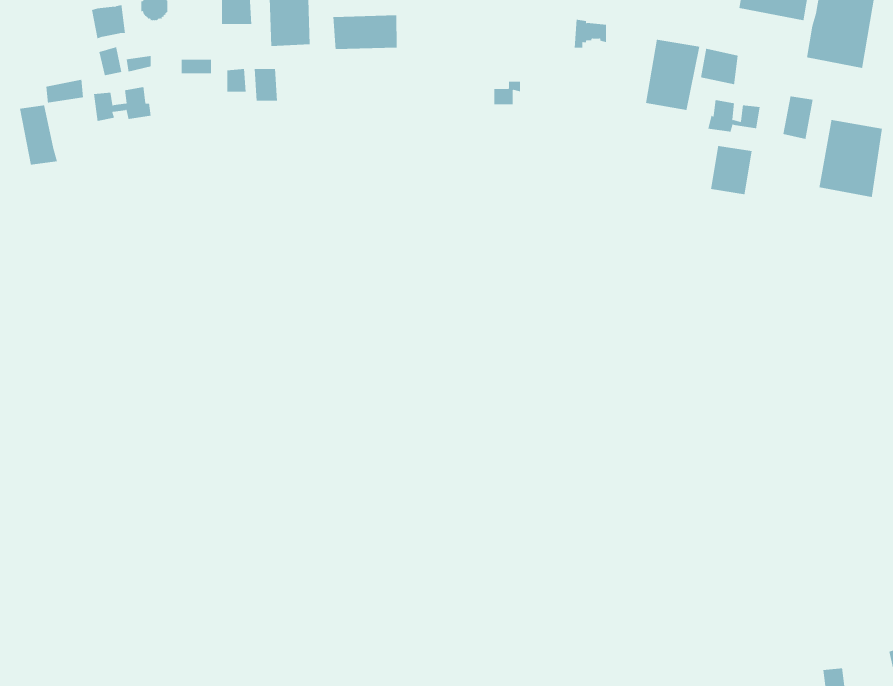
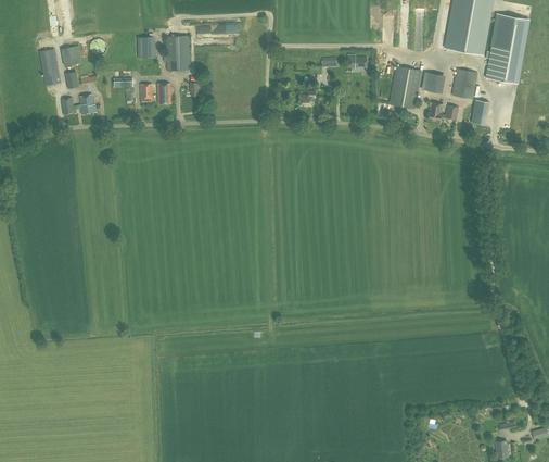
building: [333,14,397,50] -> none
building: [19,105,58,165] -> [38,49,61,85]
building: [819,119,883,198] -> none
building: [710,145,752,195] -> [451,70,476,99]

